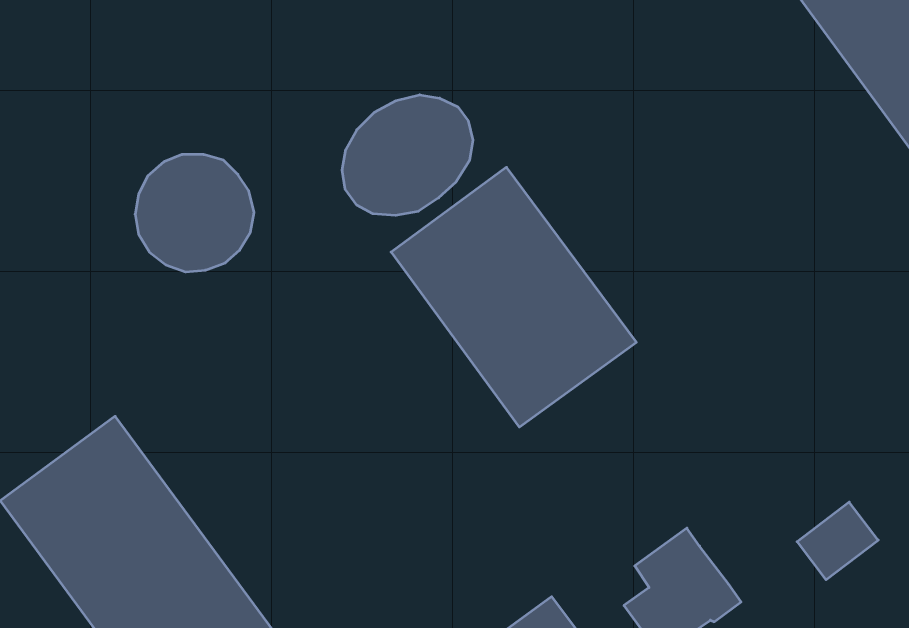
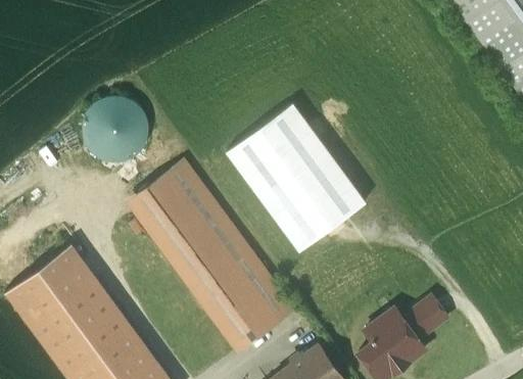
building: [342,95,473,215] -> none
building: none -> [126,161,291,350]
building: [797,502,878,580] -> [401,295,447,339]

